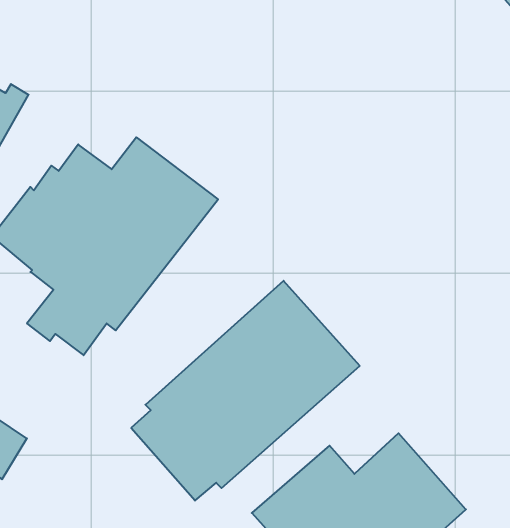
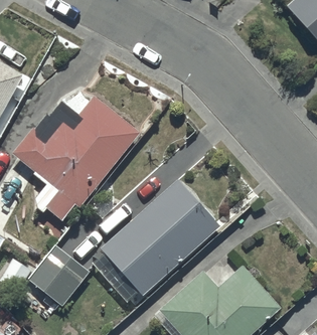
building: none -> [27,243,90,307]

